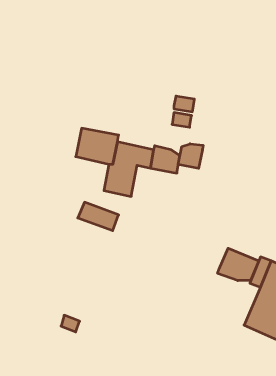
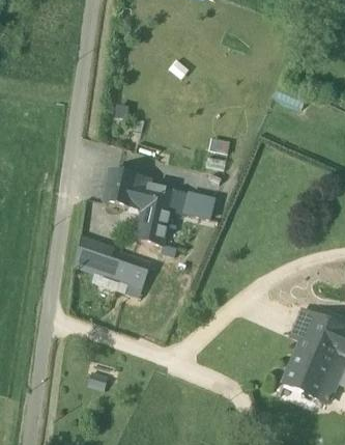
building: [178,144,203,168] -> none
building: none -> [76,237,144,293]
building: [218,248,259,281] -> none

